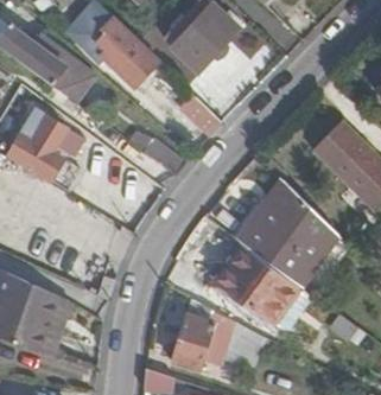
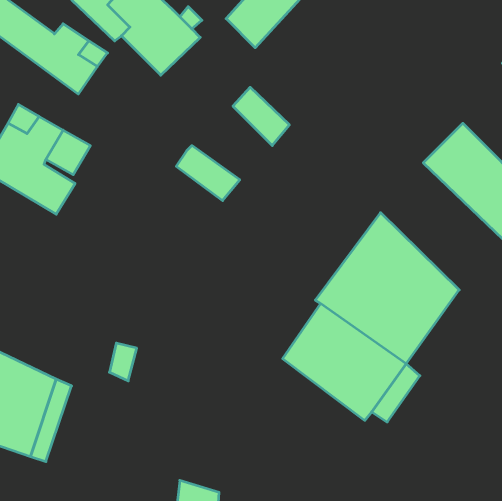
building: [172,299,237,369] -> none

